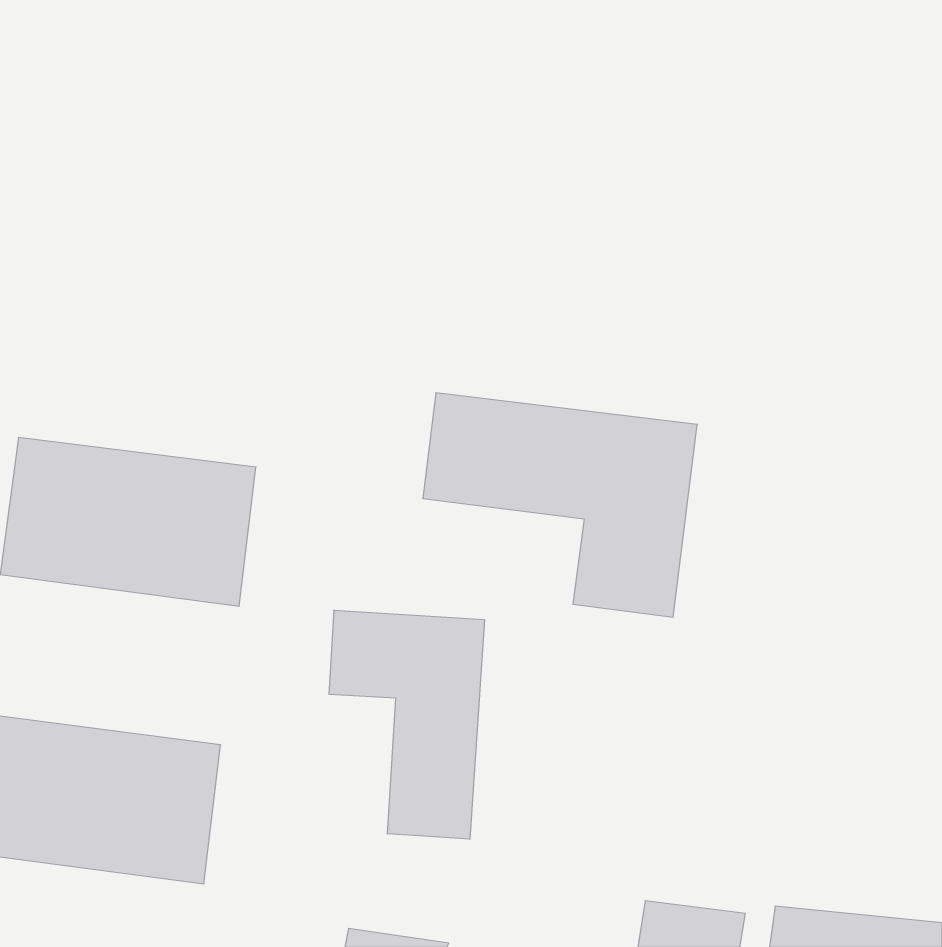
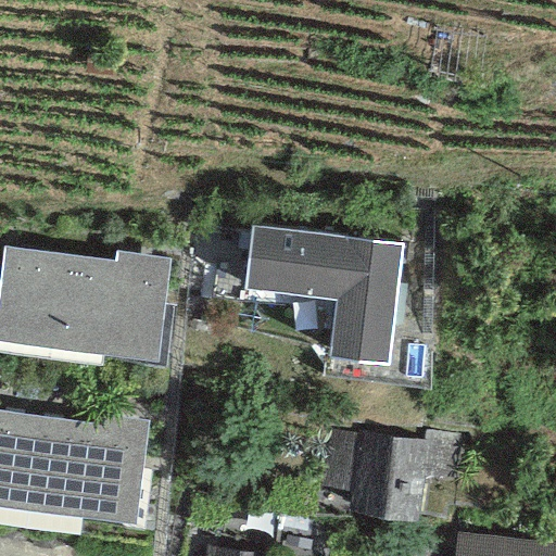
building: [329,610,485,839] -> none
building: none -> [315,431,462,516]

